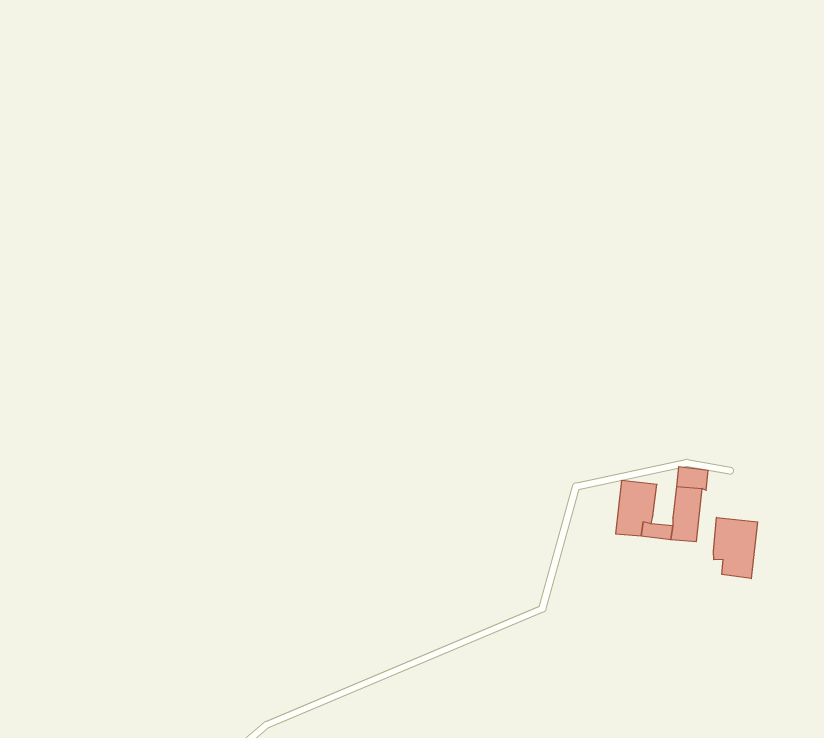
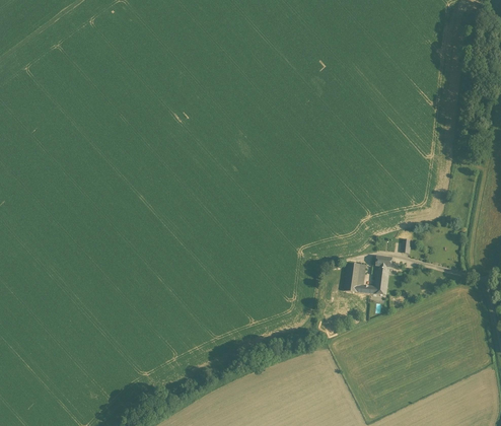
building: [713,517,758,579] -> none

